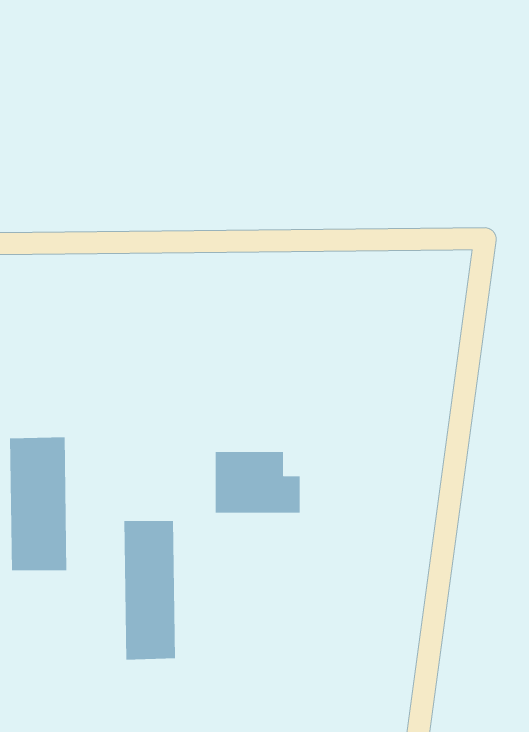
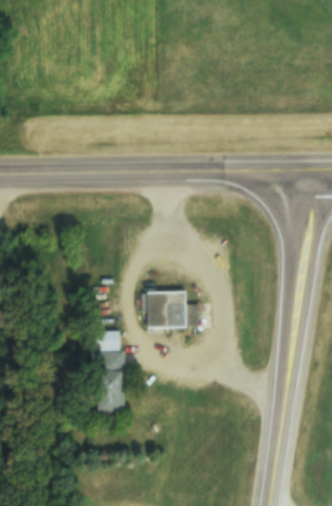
building: [10,437,67,571] -> none

